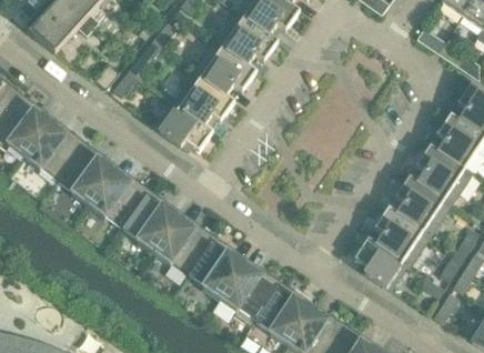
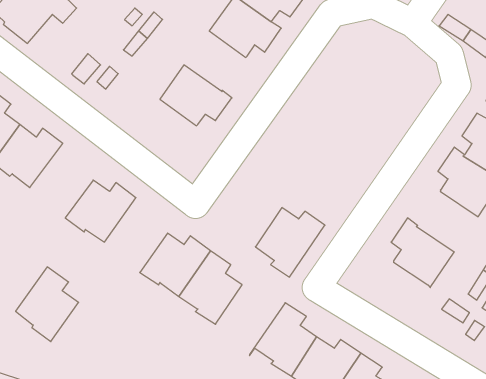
building: [193,42,258,95] -> none
building: [154,102,214,151] -> none
building: [58,141,113,206] -> none
building: [396,175,452,236] -> none
building: [123,189,179,254] -> [16,267,79,342]
building: [355,238,407,290] -> none
building: [221,265,282,326] -> [255,208,325,277]

